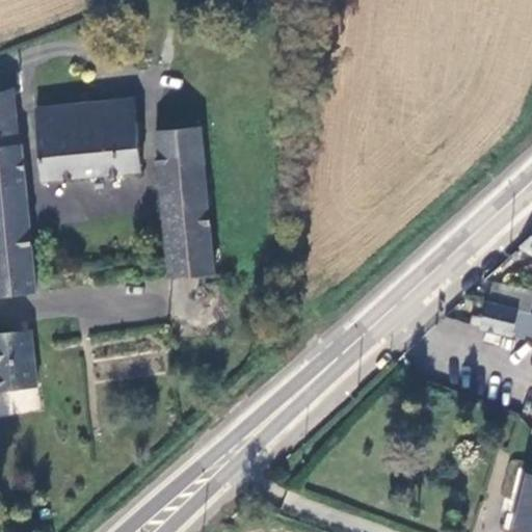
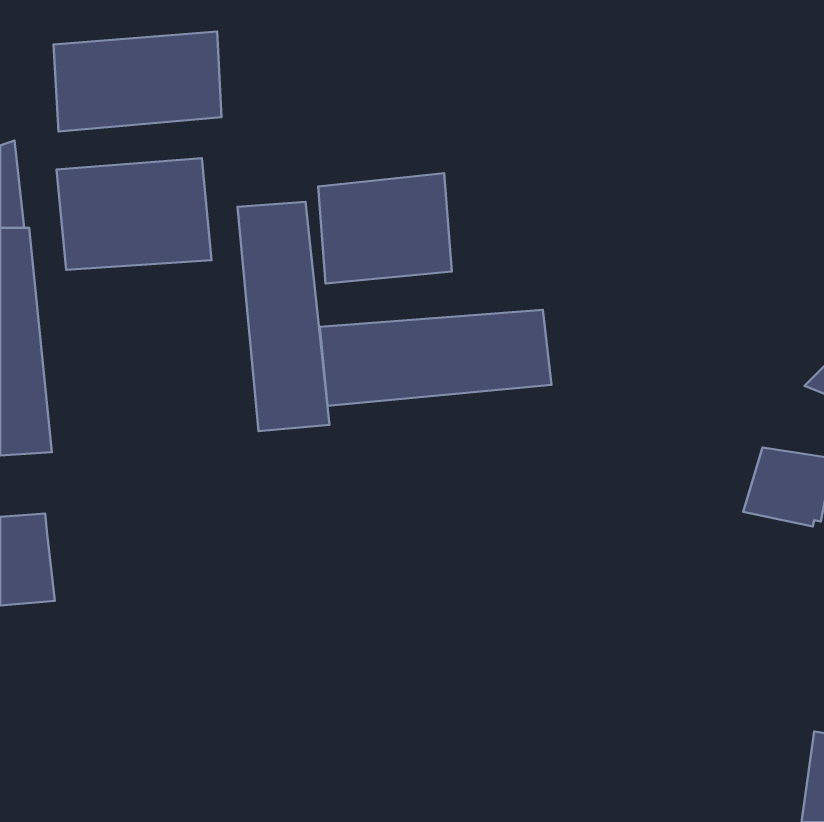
building: none -> [54,32,222,131]
building: none -> [318,173,452,283]
building: none -> [320,310,551,406]

